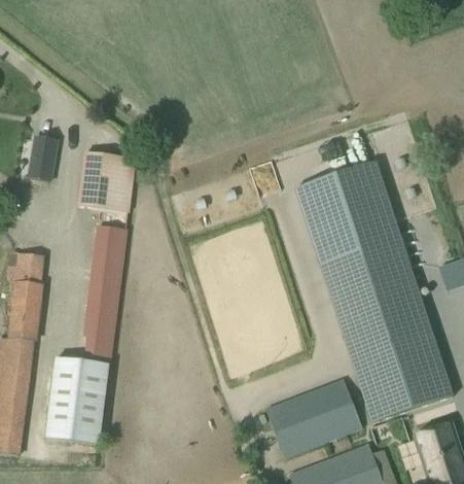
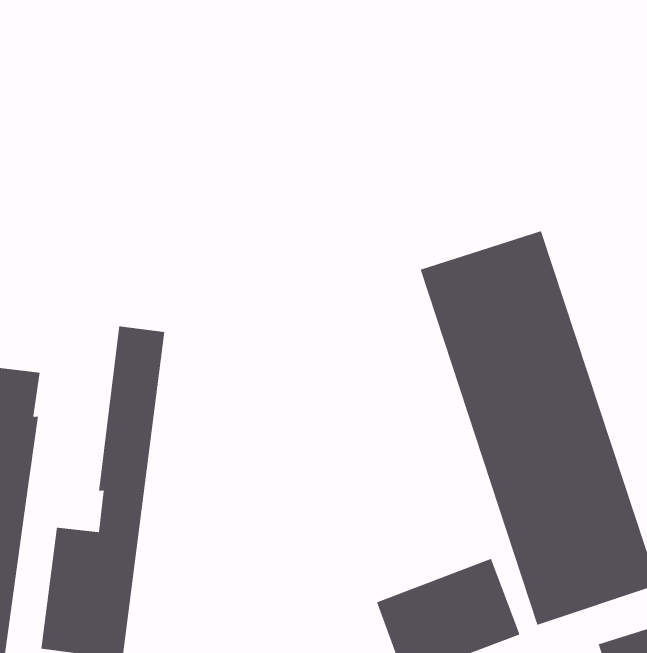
building: [28,136,57,181] -> none
building: [76,151,135,211] -> none

